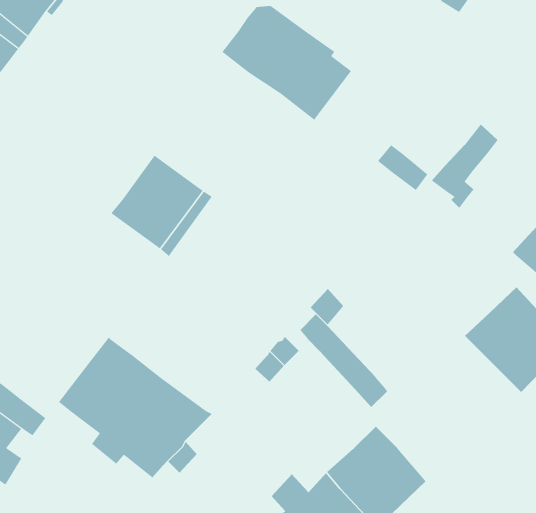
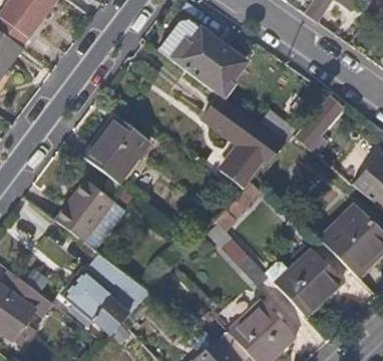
building: none -> [206,96,287,189]
building: none -> [54,176,113,239]
building: none -> [268,249,341,315]

